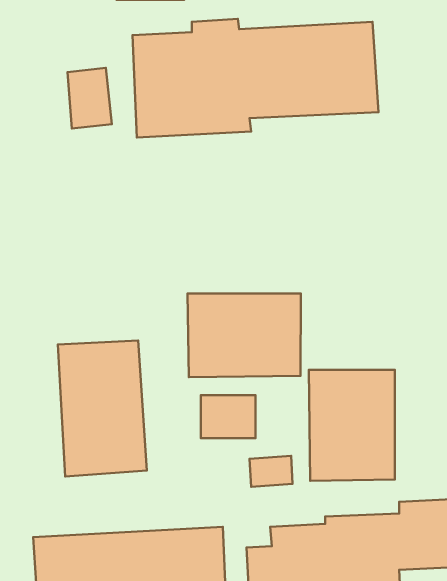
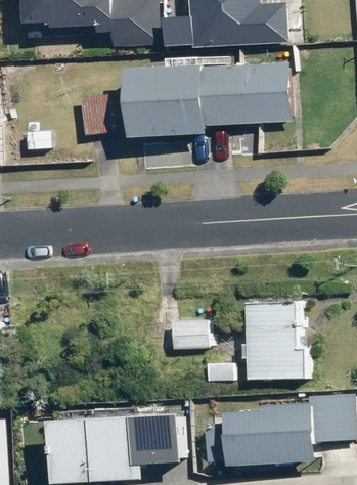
building: [188,293,301,377] -> none
building: [58,340,147,476] -> none

